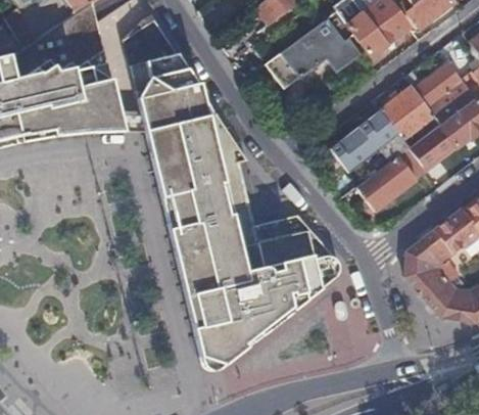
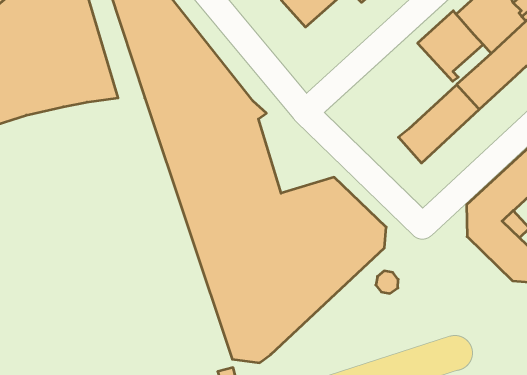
building: [331,109,409,181] -> none

